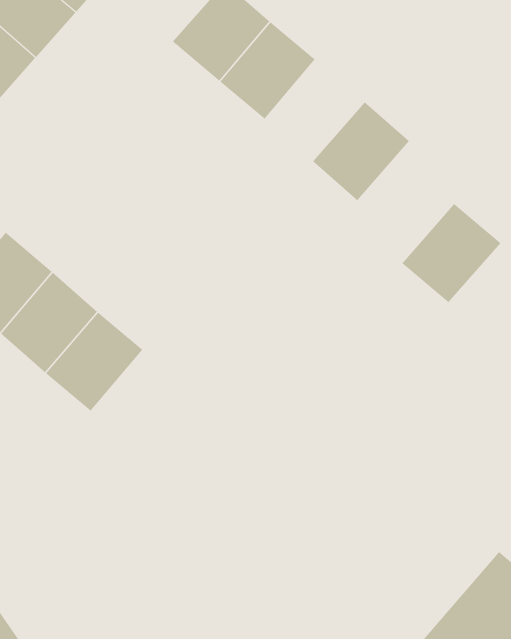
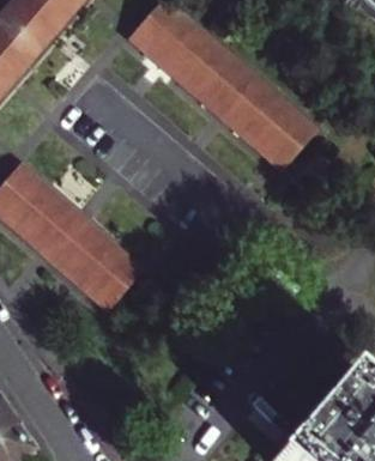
building: none -> [192,49,258,116]
building: [401,203,501,303] -> [253,103,319,169]
building: none -> [77,241,145,310]

